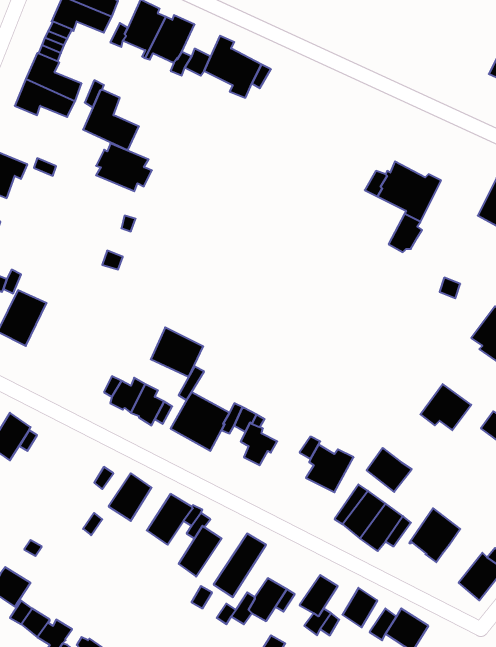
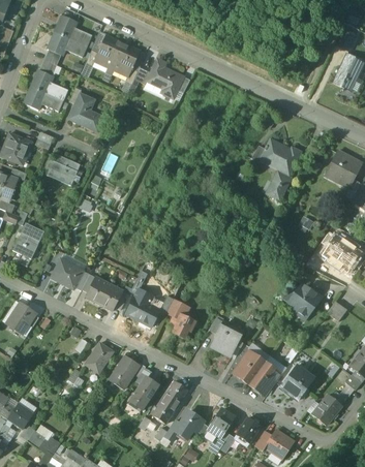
building: [96,143,152,191] -> [47,154,83,185]
building: [151,327,203,377] -> [51,255,85,287]
building: [367,448,412,492] -> none

